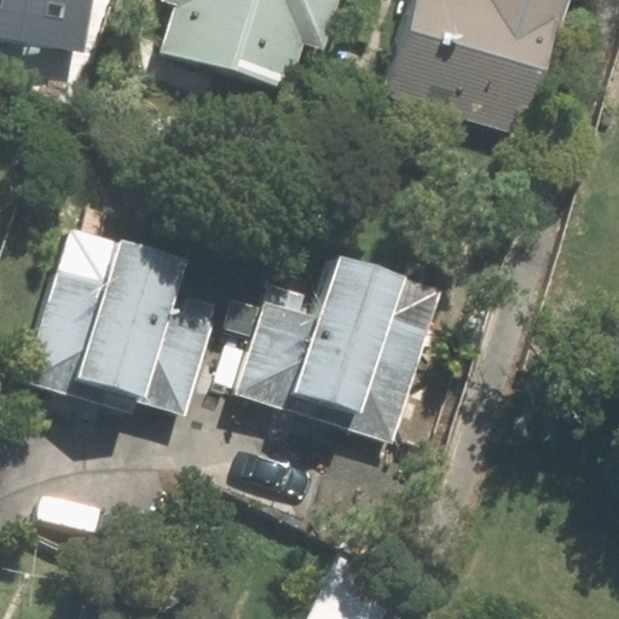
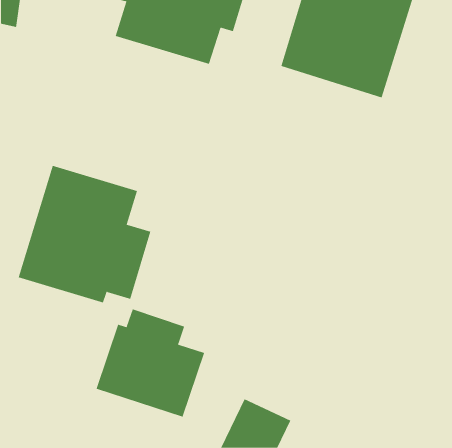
building: [233,254,444,444] -> none
building: none -> [96,308,205,418]

